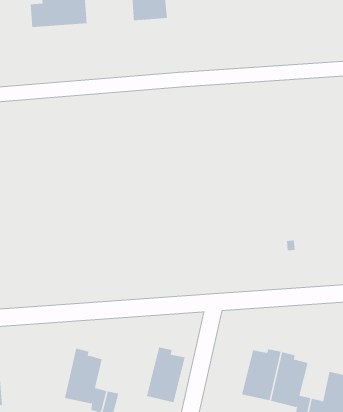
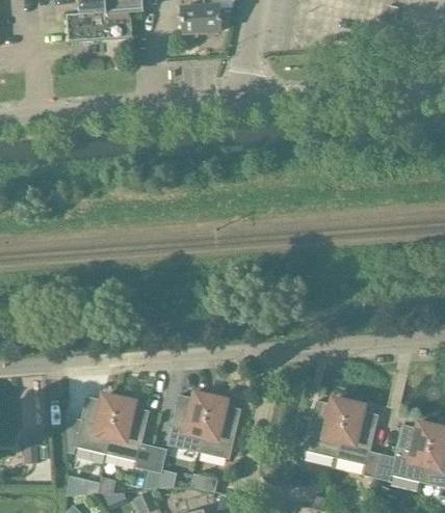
building: none -> [167,393,212,452]
building: none -> [66,395,120,454]

